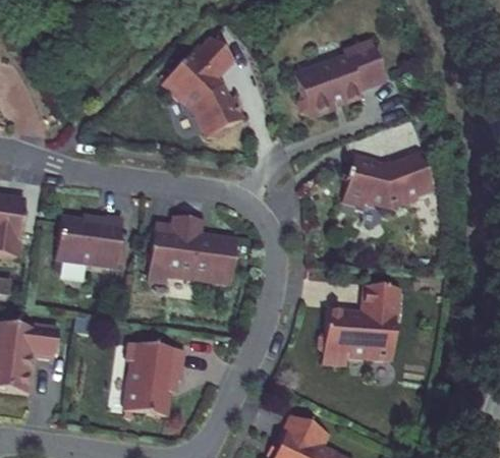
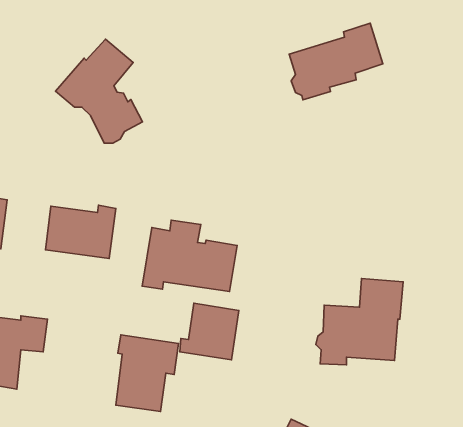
building: [159,35,242,134] -> [55,39,143,143]
building: [349,156,430,210] -> none
building: none -> [180,303,239,360]

